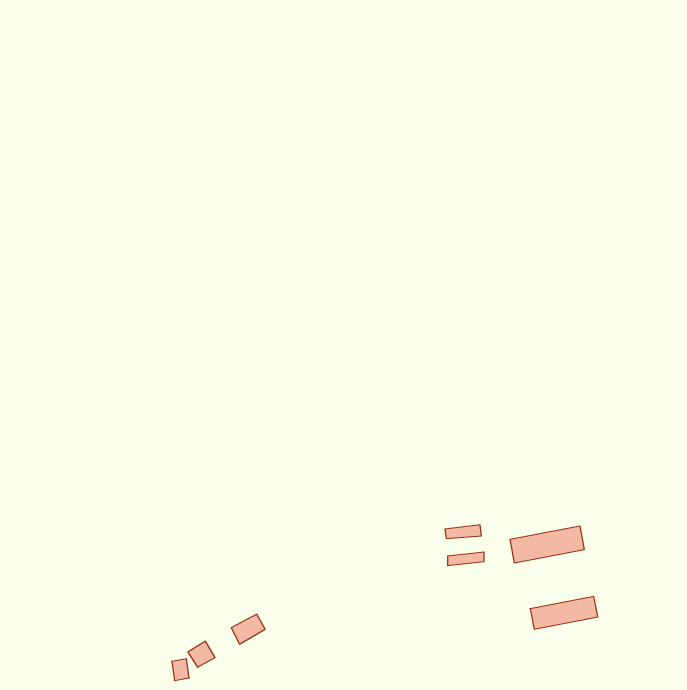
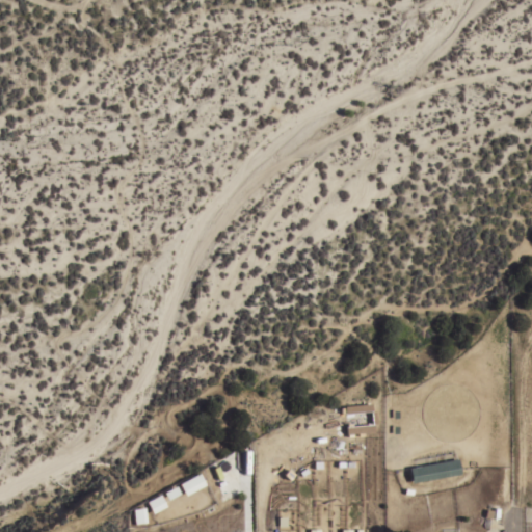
building: [510,526,584,563] -> none

